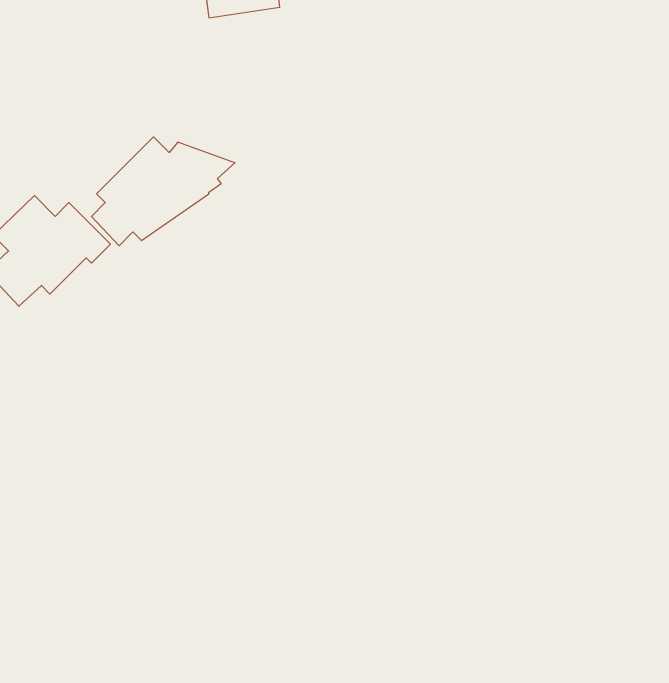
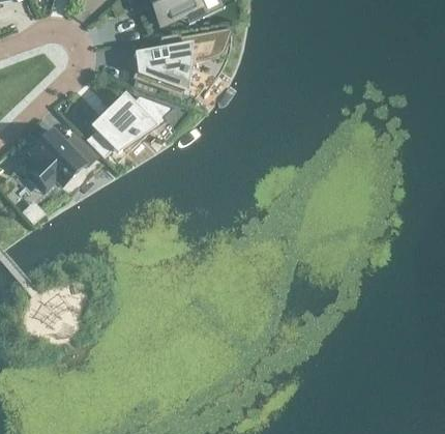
building: none -> [134,42,190,92]

